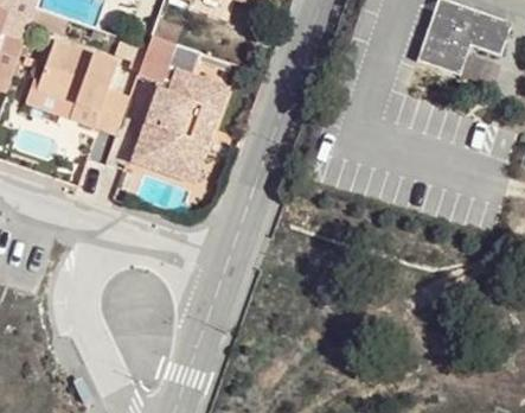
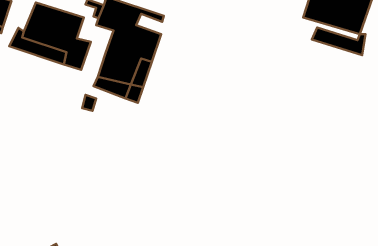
building: none -> [312,27,366,55]

